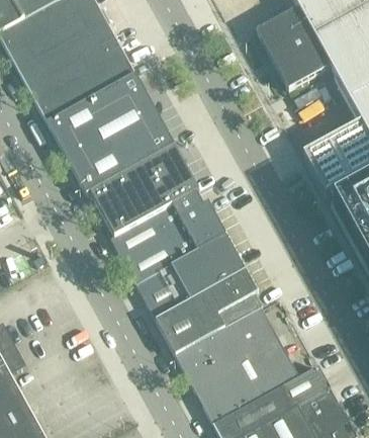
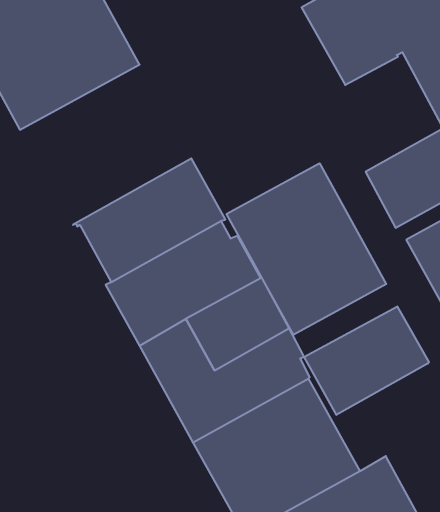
building: [47,73,174,192] -> none
building: none -> [227,163,386,335]
building: none -> [304,306,429,415]

